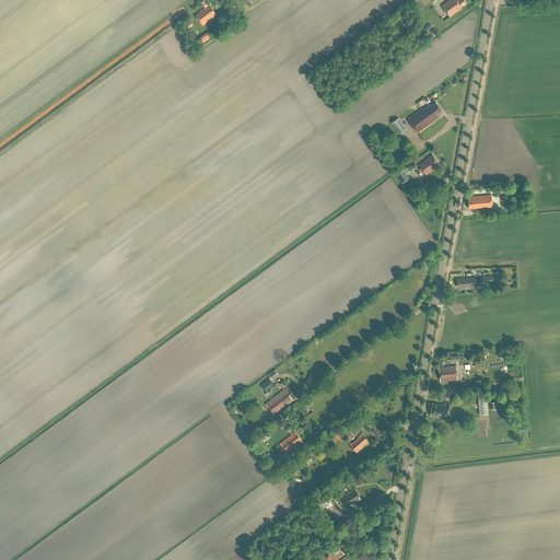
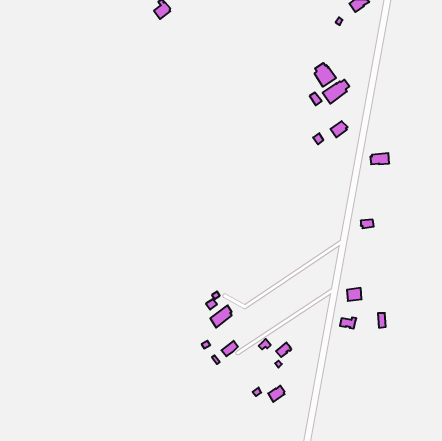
building: none -> [315,63,336,87]

